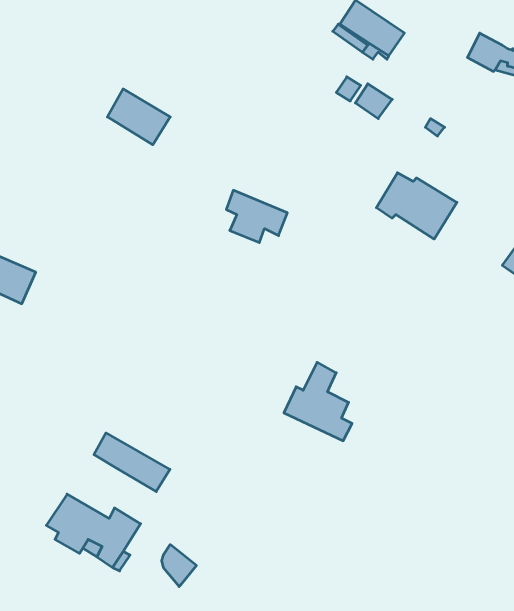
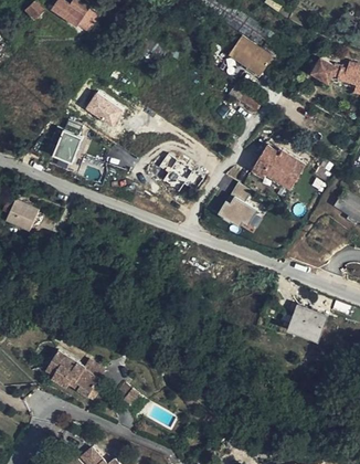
building: none -> [51,119,82,166]
building: [284,362,352,441] -> [215,186,258,235]
building: none -> [289,304,327,338]
building: [94,433,170,492] -> none

